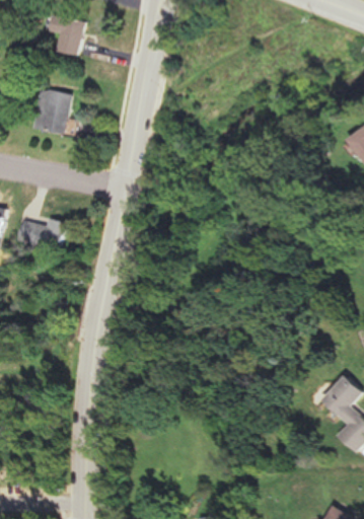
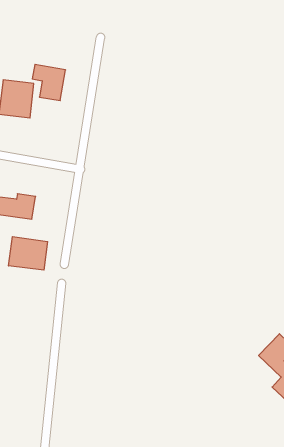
building: [46,16,83,57] -> [32,64,66,101]
building: none -> [9,237,48,270]

